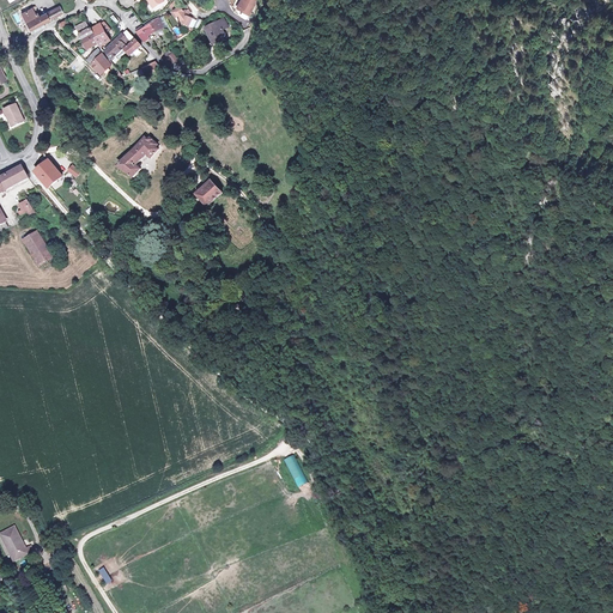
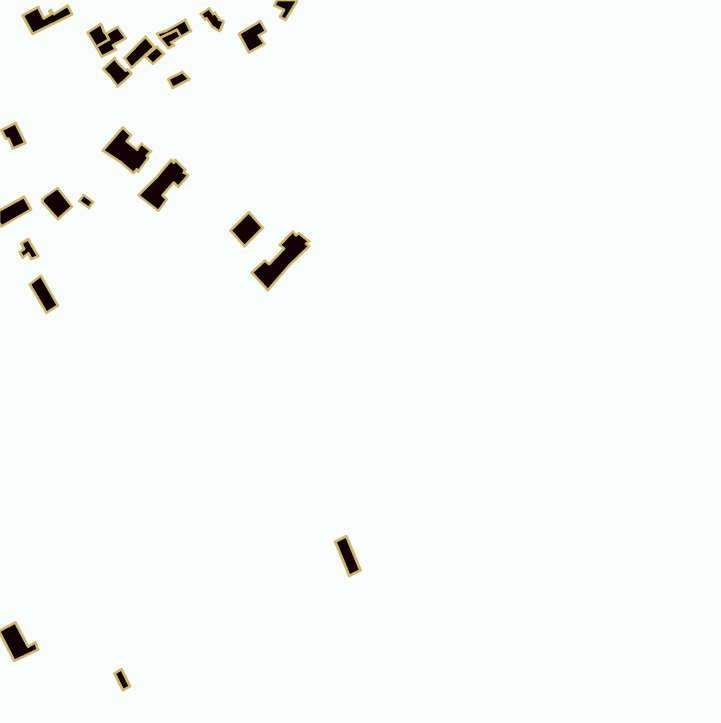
building: none -> [103,128,151,173]
building: none -> [252,232,309,290]

